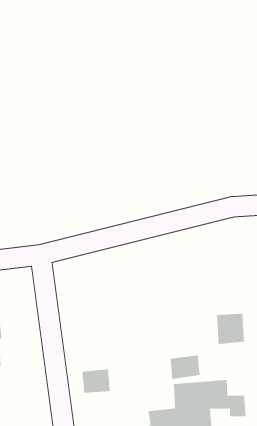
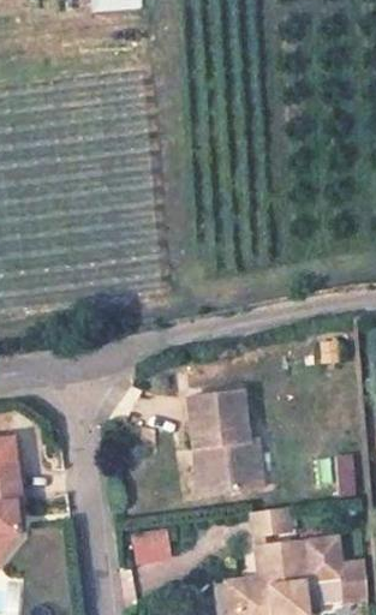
building: none -> [190,390,268,495]

